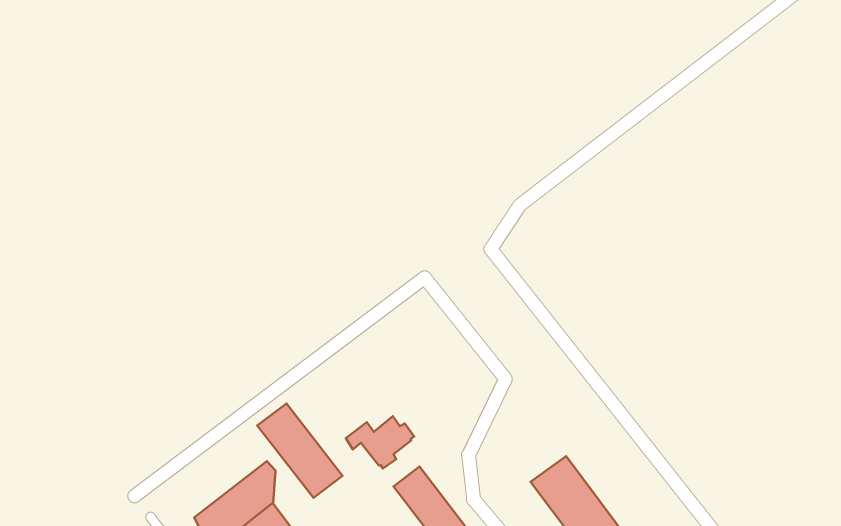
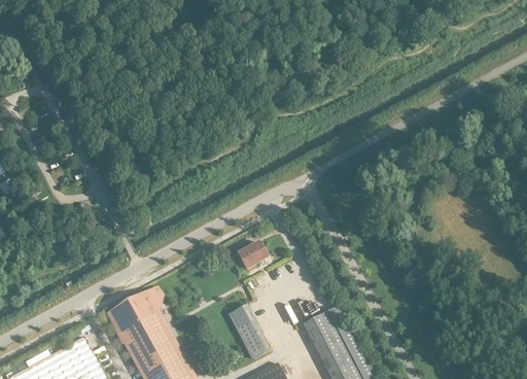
building: [257,404,342,498] -> none
building: [346,416,414,468] -> [230,242,269,271]

